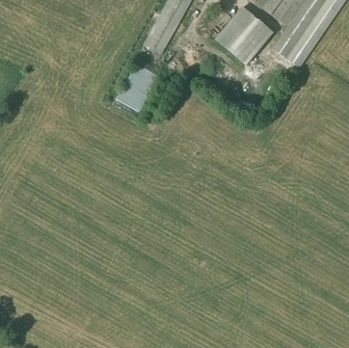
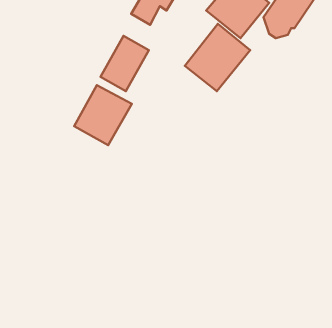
building: none -> [185,24,250,91]
building: none -> [74,85,132,145]

